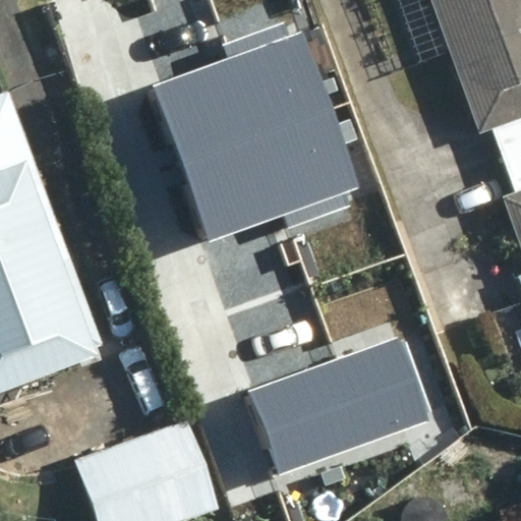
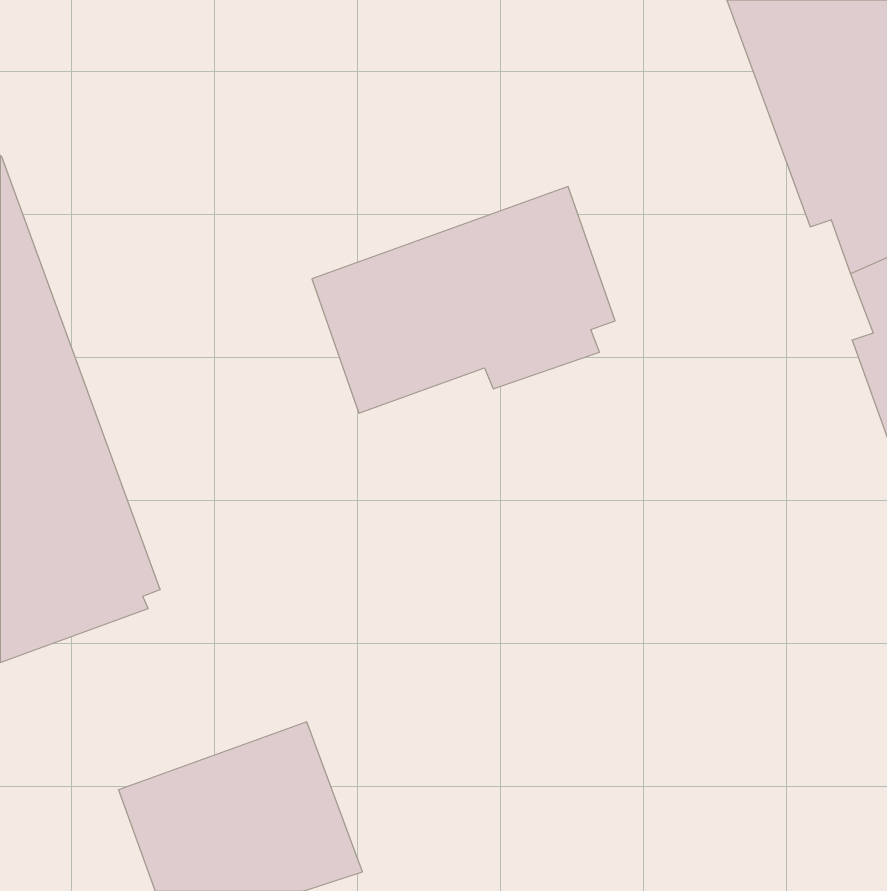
building: [156,23,334,163] -> none
building: [249,335,437,476] -> none

